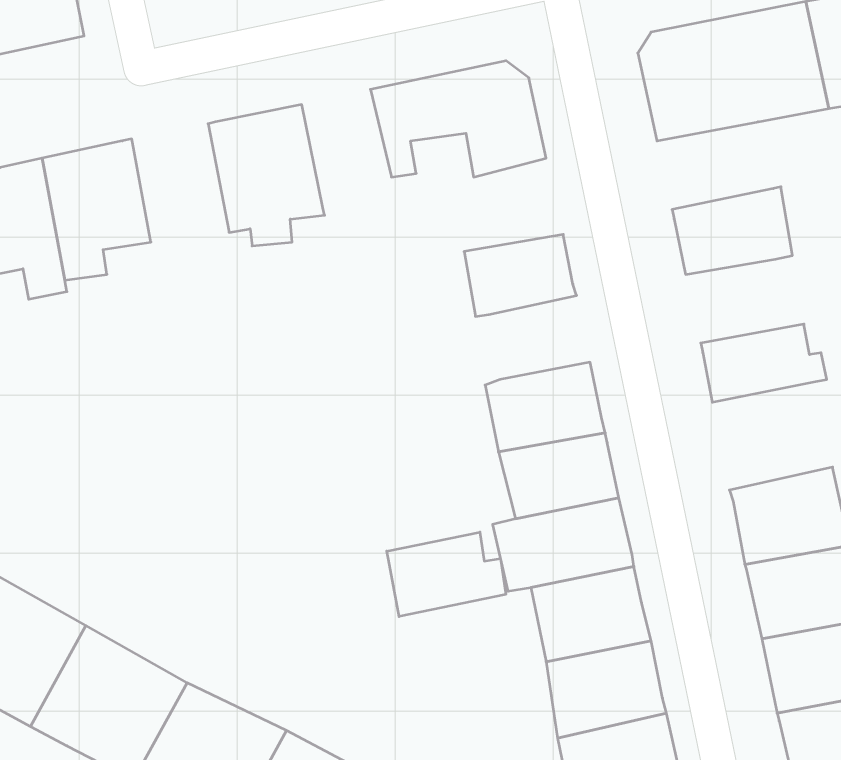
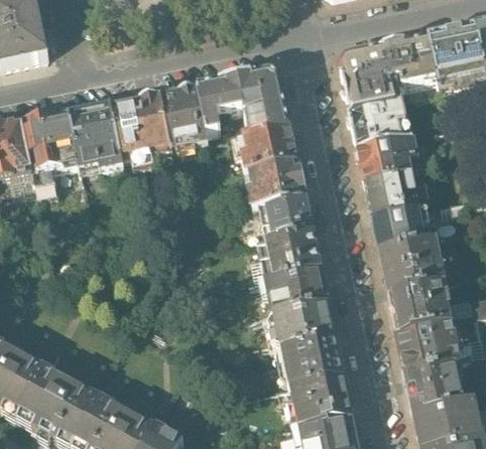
building: none -> [161,81,211,143]
building: none -> [349,98,410,144]
building: none -> [72,99,125,166]
building: none -> [234,117,299,166]
building: none -> [364,170,427,214]
building: none -> [260,189,314,234]
building: none -> [378,235,442,292]
building: [387,532,506,617] -> none

